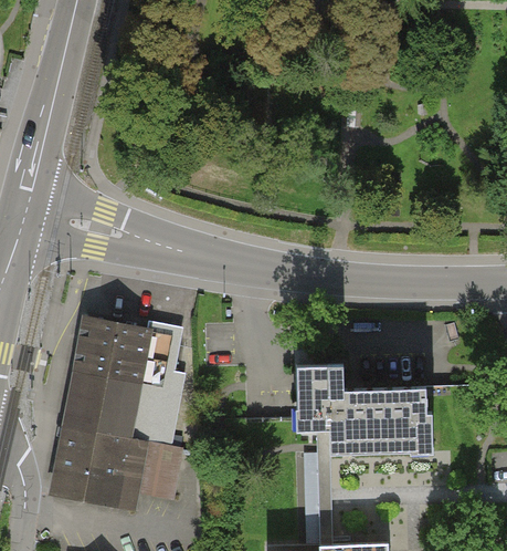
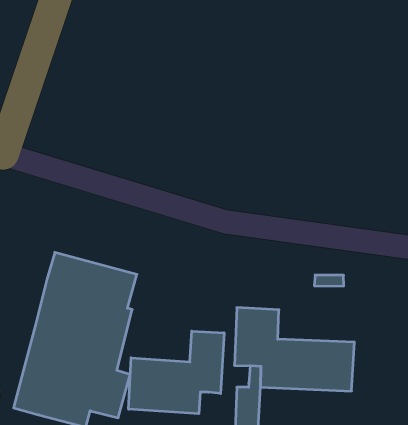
building: none -> [129,331,224,414]

